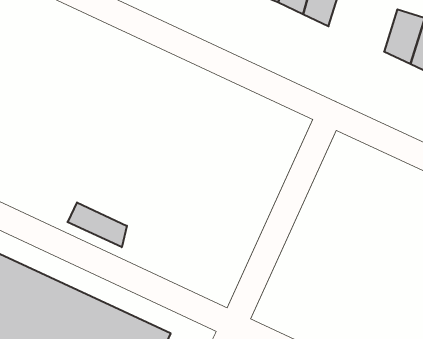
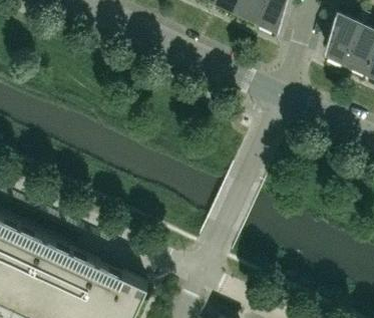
building: [67,202,127,247] -> none

